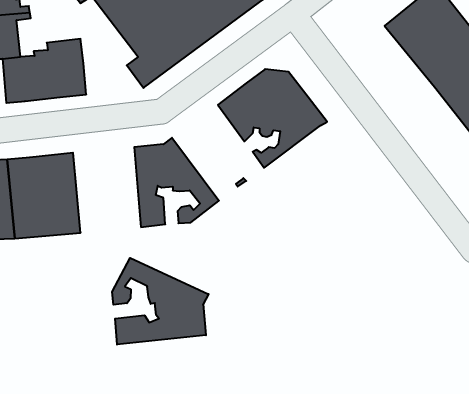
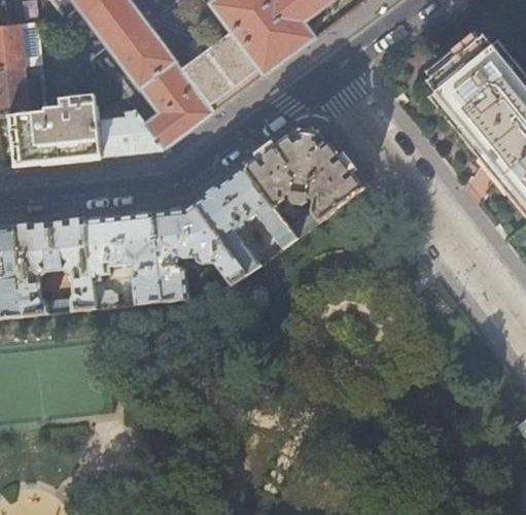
building: none -> [97,116,163,156]
building: none -> [194,167,294,272]
building: none -> [85,213,160,307]
building: [112,258,209,345] -> none

